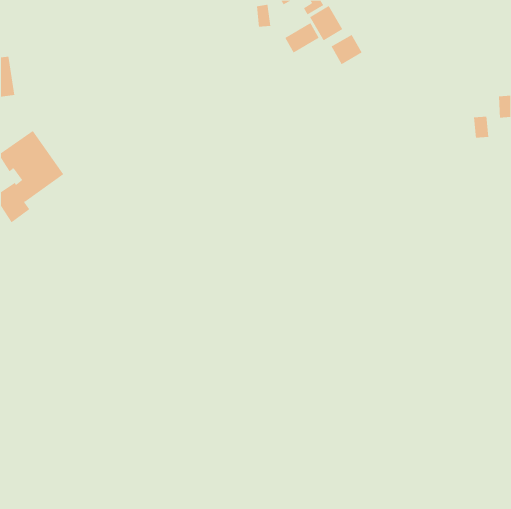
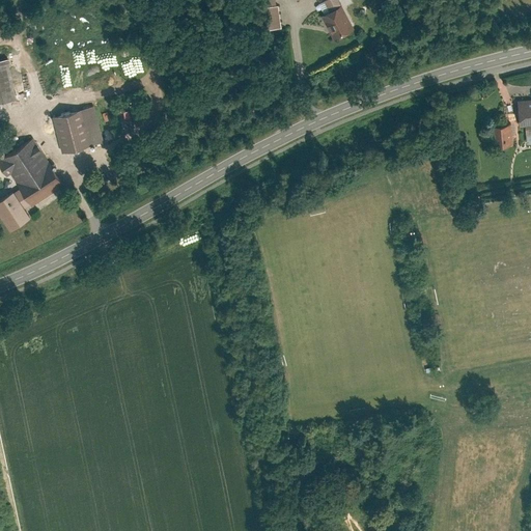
building: [284,22,319,53] -> none
building: [331,34,362,65] -> none
building: none -> [50,108,100,153]

